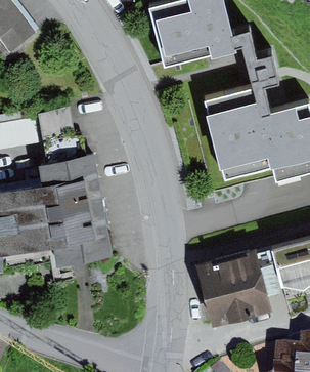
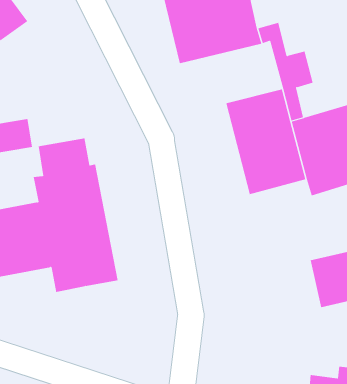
building: [196,240,279,315] -> none

